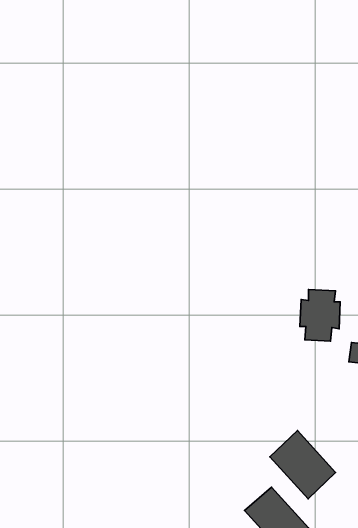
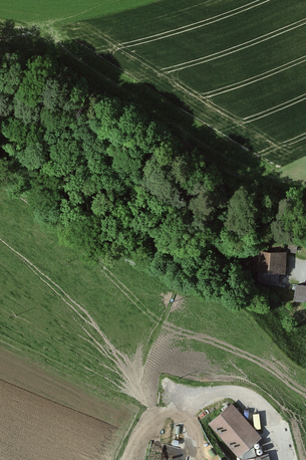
building: [270,430,336,499] -> none

